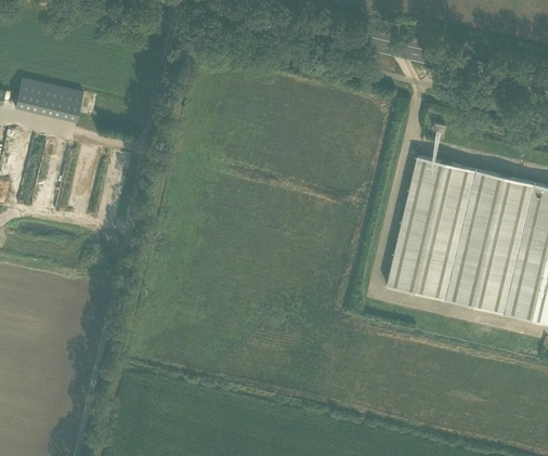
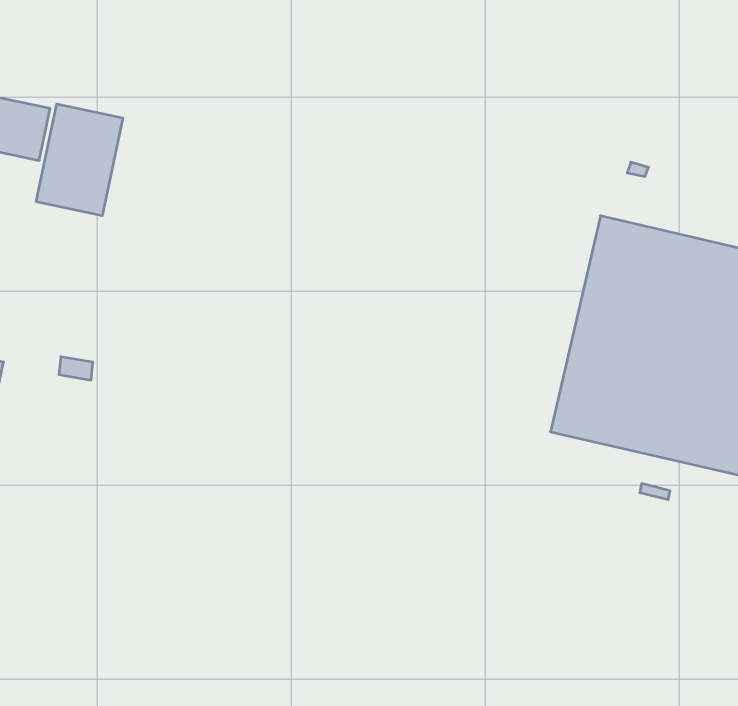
building: none -> [36,104,123,216]

